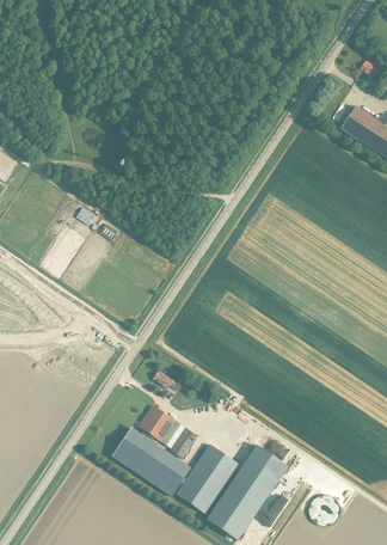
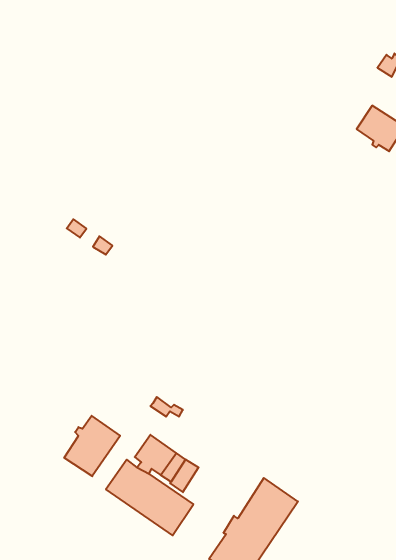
building: none -> [64,416,120,476]
building: [176,445,239,514] -> none

